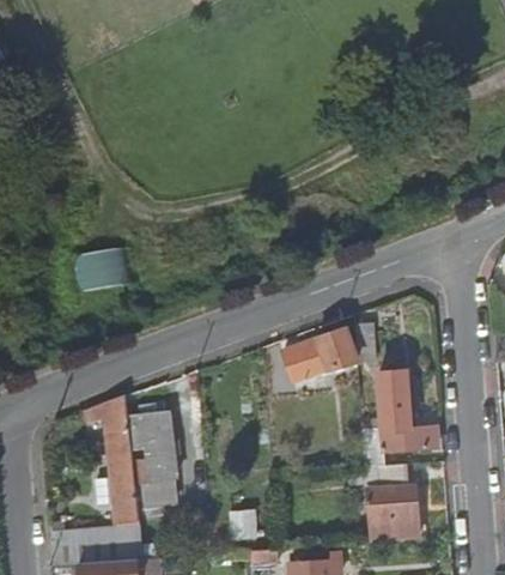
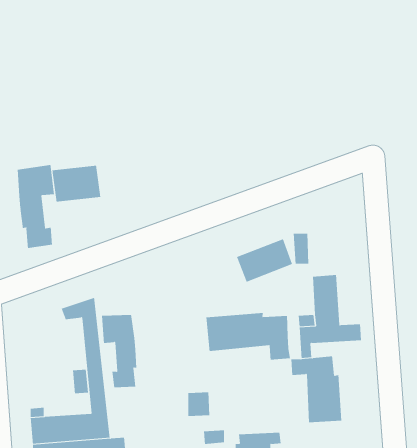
building: none -> [17,164,54,249]
building: none -> [206,312,291,361]

